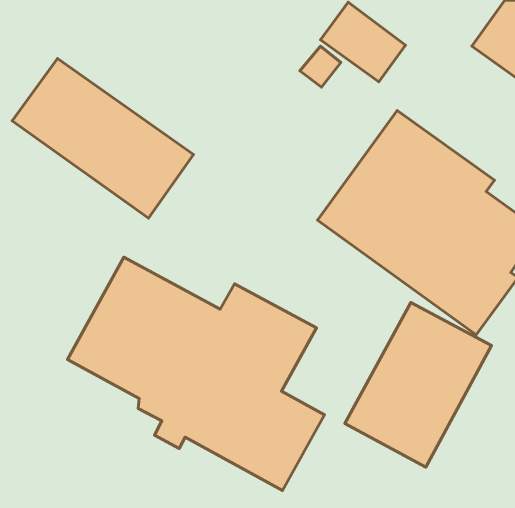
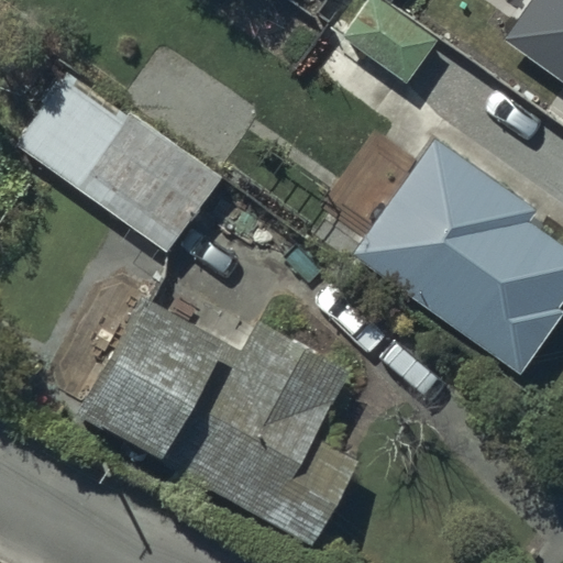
building: [345,303,491,467] -> none

